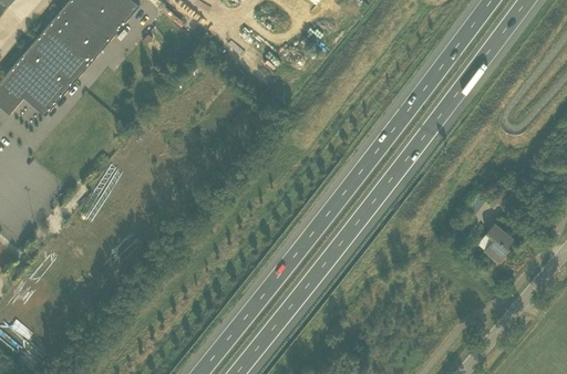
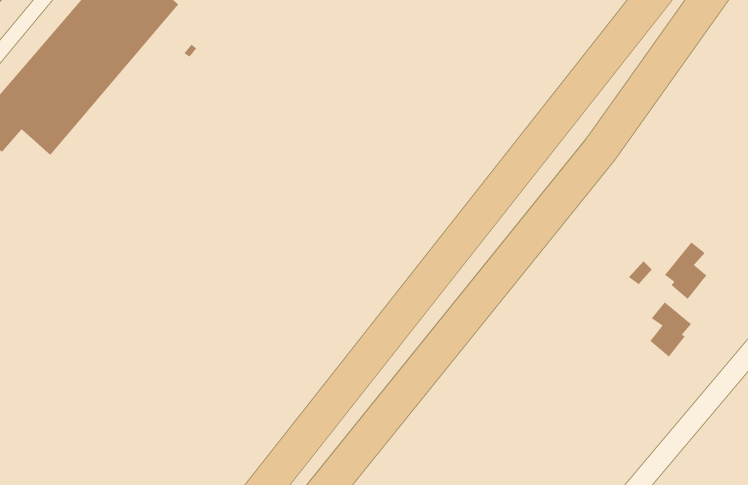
building: none -> [664,241,707,300]

